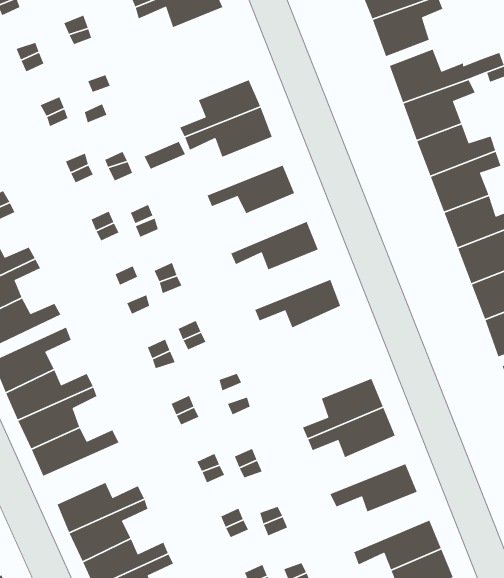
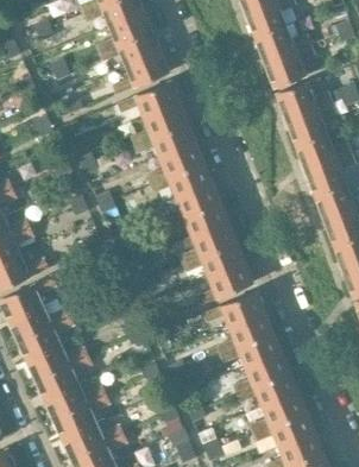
building: none -> [113,53,170,94]
building: none -> [118,82,180,118]
building: none -> [147,144,203,184]
building: none -> [163,183,220,225]
building: none -> [180,222,237,264]
building: none -> [196,261,253,304]
building: none -> [203,291,265,326]
building: none -> [233,352,289,392]
building: none -> [36,356,92,399]
building: none -> [250,391,306,433]

